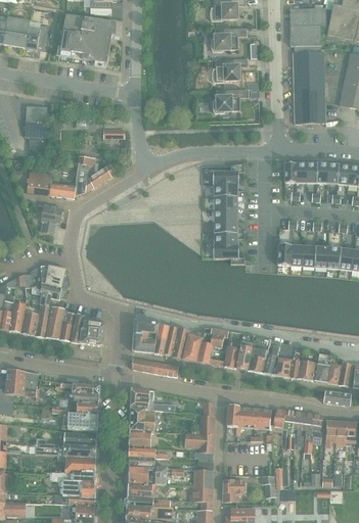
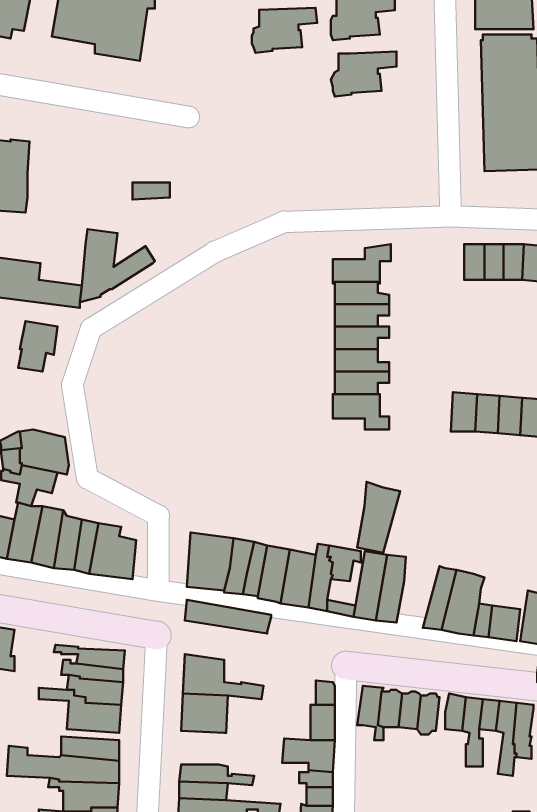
building: [213,88,249,112] -> [252,8,317,53]
building: [248,333,271,372] -> [357,482,400,553]
building: [130,428,153,446] -> none

